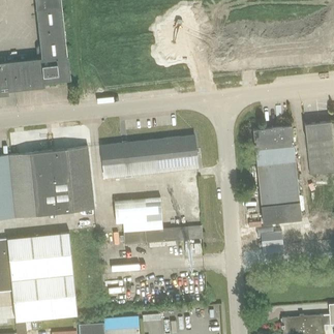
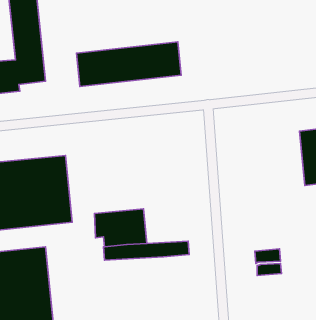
building: [253,125,301,223] -> none
building: [101,135,199,177] -> [77,42,181,86]

